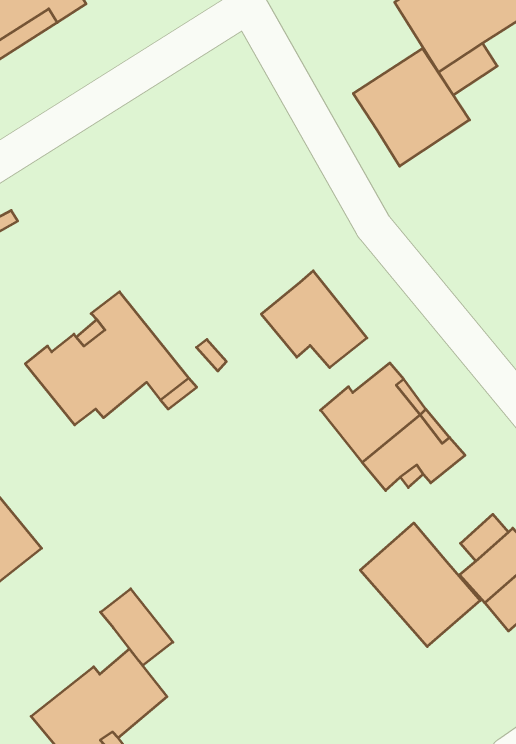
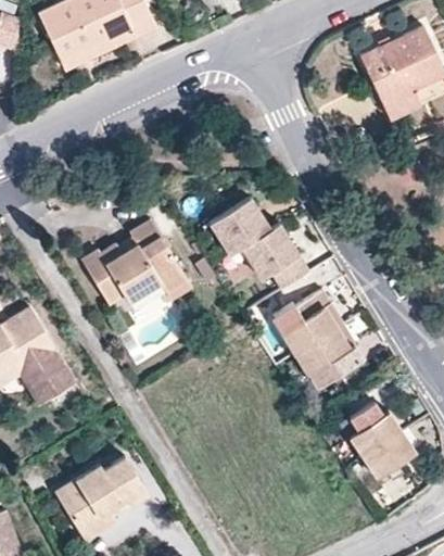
building: [353,48,470,166] -> none
building: none -> [211,199,270,254]
building: [360,523,480,647] -> none
building: [100,589,173,666] -> none

